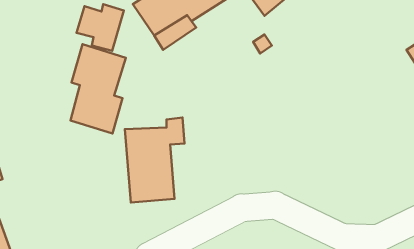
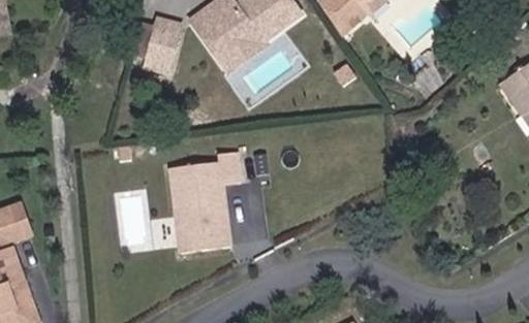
building: [71,44,126,134] -> none

